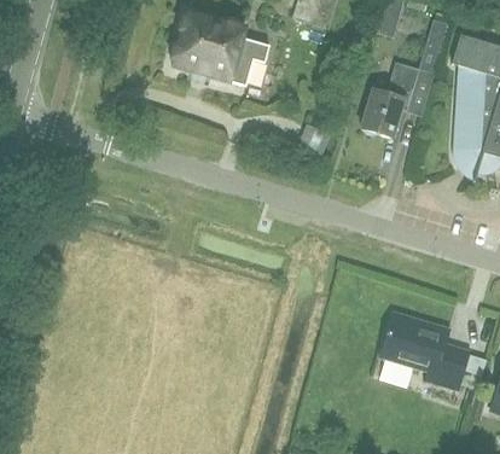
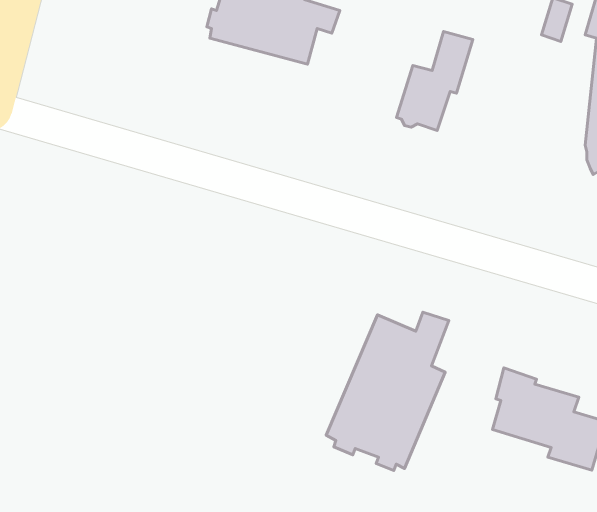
building: [361,63,418,136] -> [396,31,473,130]
building: none -> [326,312,449,470]

